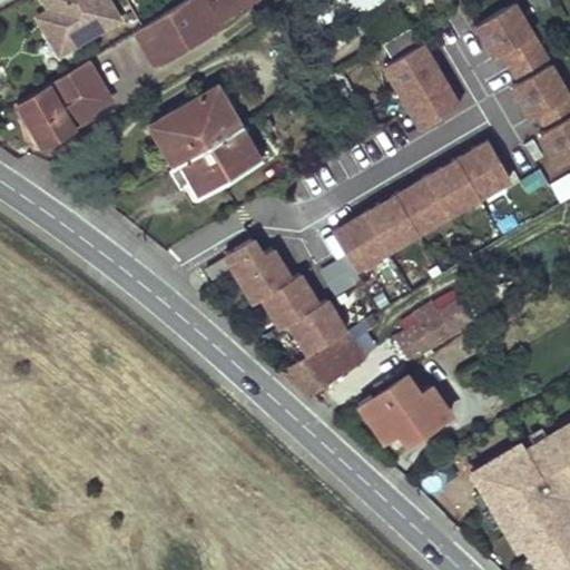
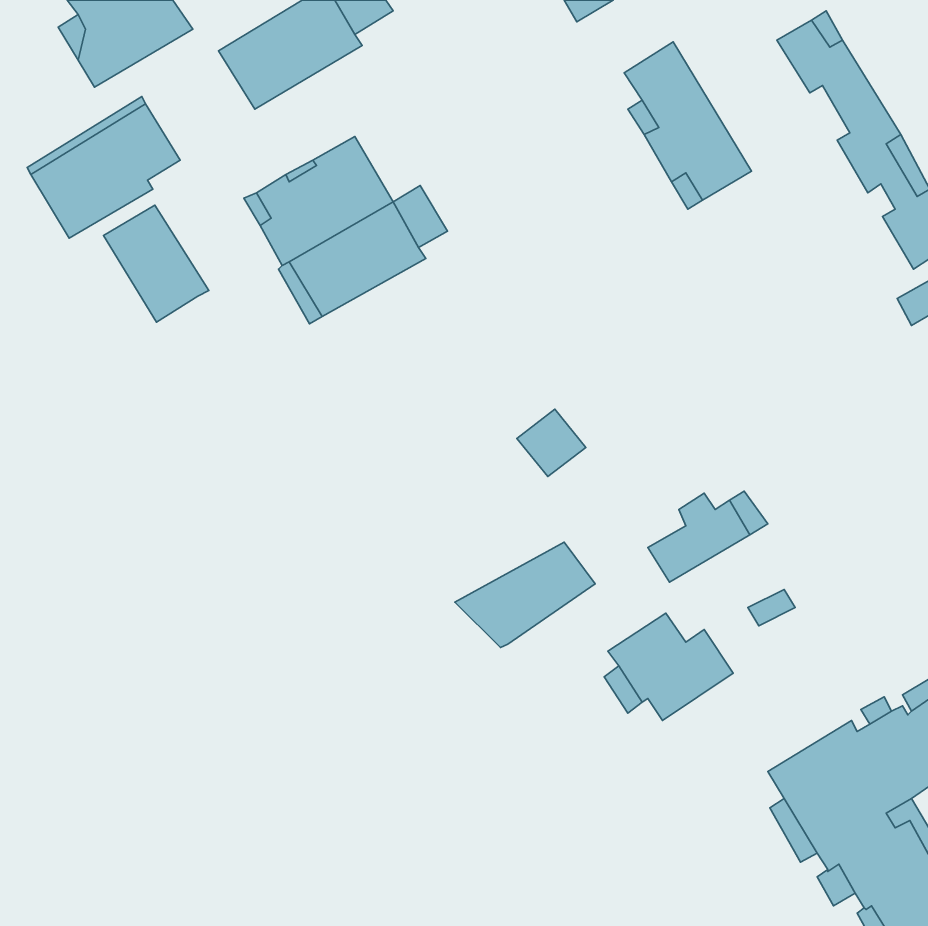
building: none -> [104,205,209,322]
building: [337,141,508,272] -> none
building: [227,238,347,355] -> none

